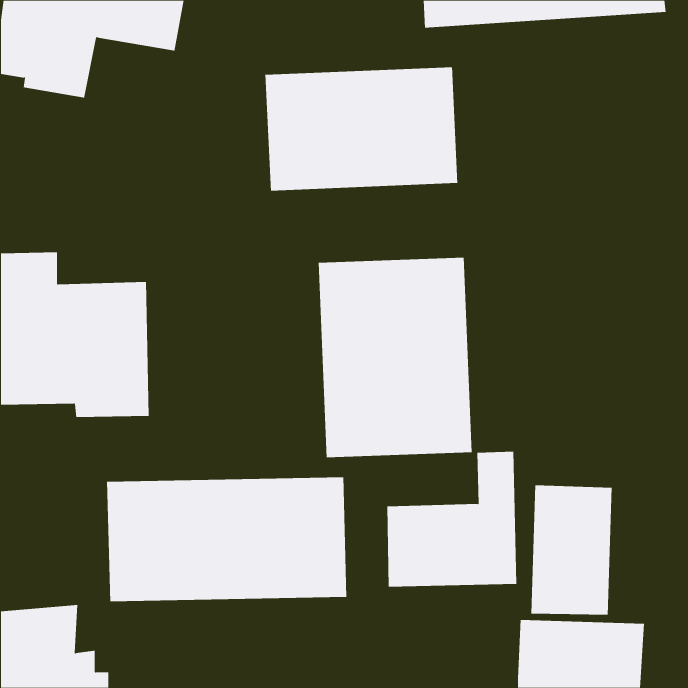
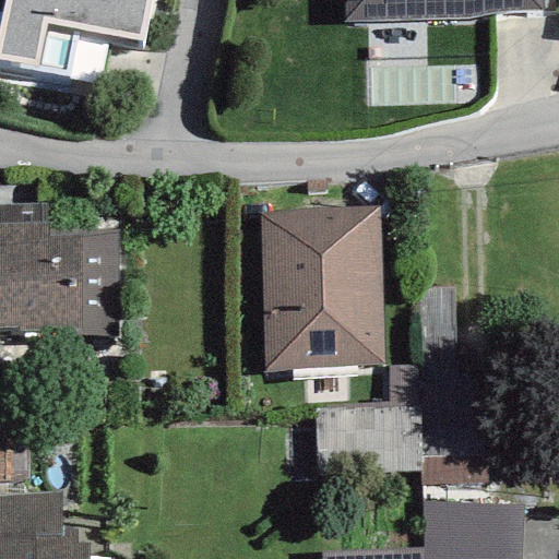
building: [265,66,458,191] -> none
building: [107,477,347,602] -> none

